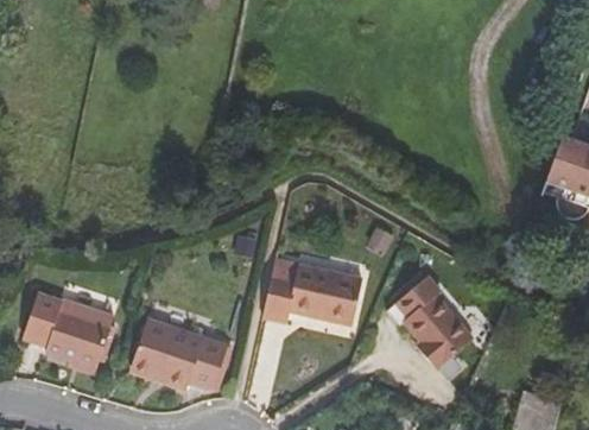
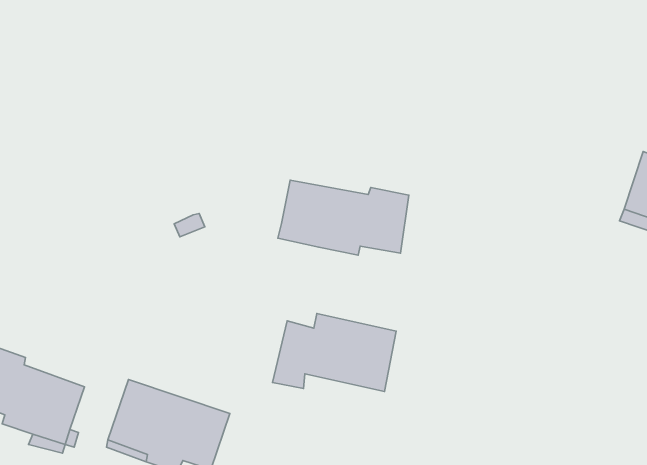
building: none -> [278,180,409,255]
building: [395,274,475,371] -> none

